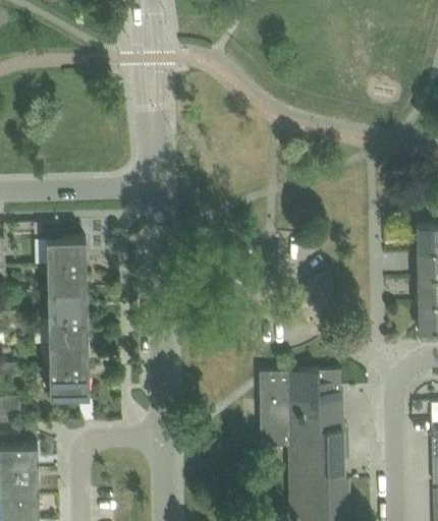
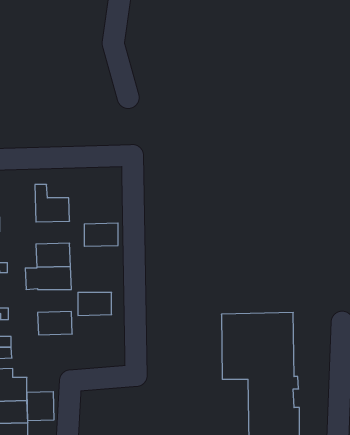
building: [47,266,86,292] -> [84,223,118,246]
building: [49,344,88,370] -> [78,292,112,315]
building: none -> [27,392,54,421]

